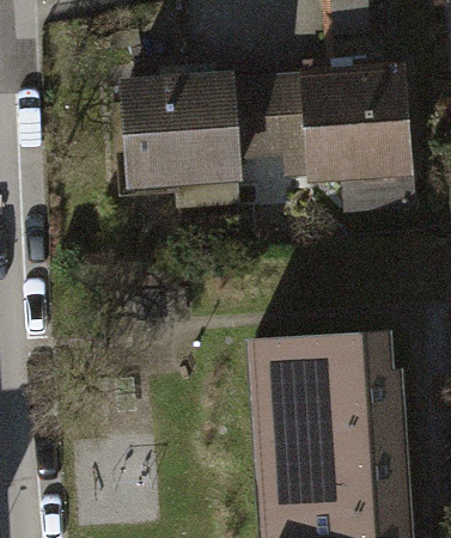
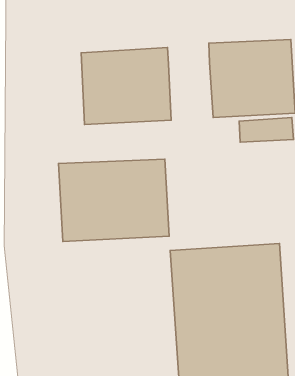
building: [240,94,301,173] -> none
building: none -> [59,159,169,242]

